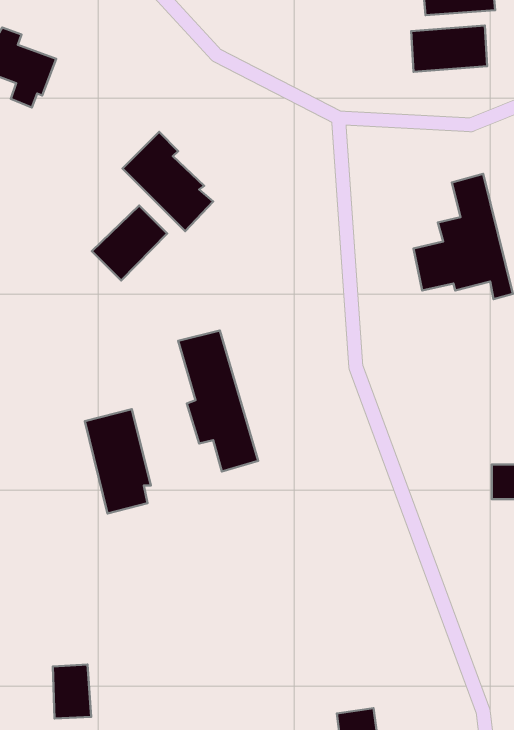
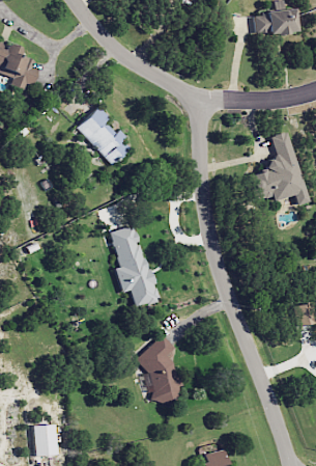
building: [411,26,487,72] -> none
building: [92,205,167,281] -> none
building: [85,409,151,513] -> [142,341,181,404]

